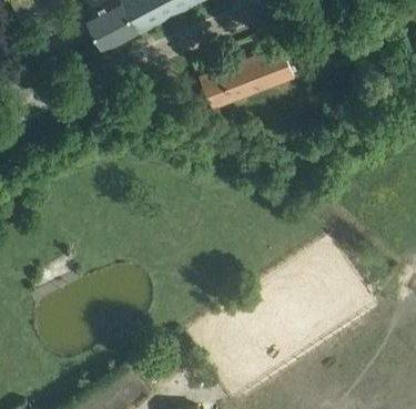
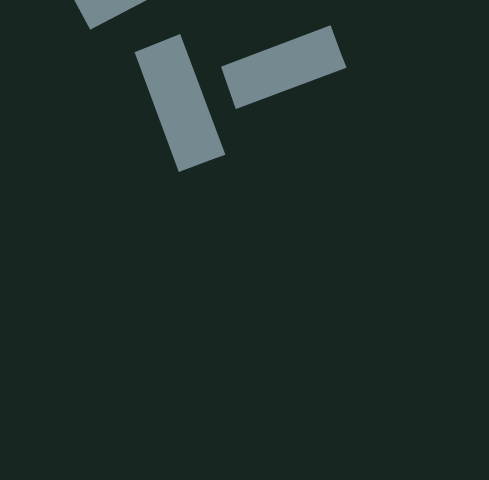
building: none -> [134,33,226,173]

